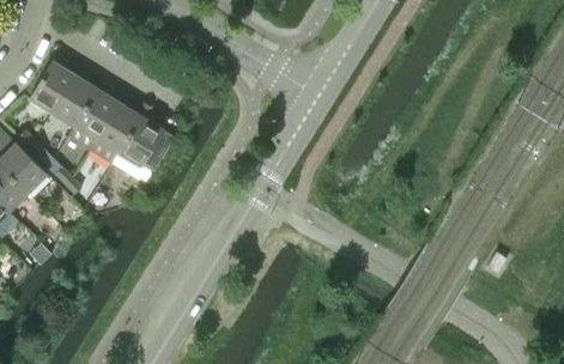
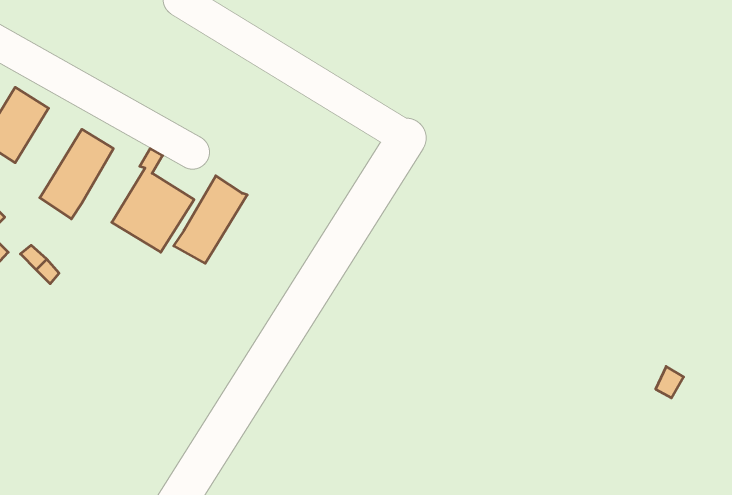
building: [51,74,97,126] -> none
building: [90,102,140,162] -> [174,176,247,263]

